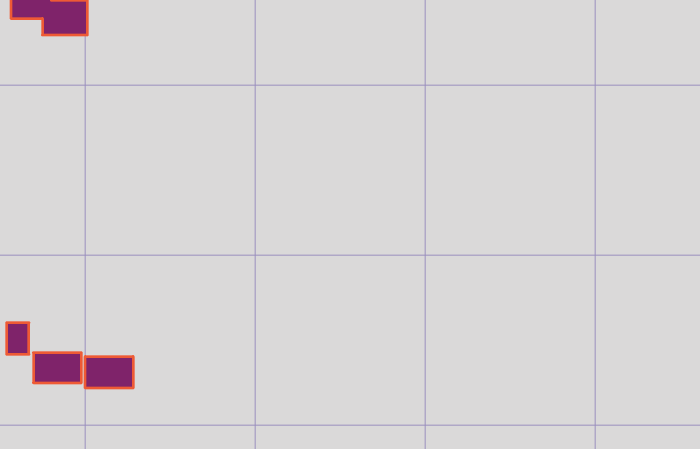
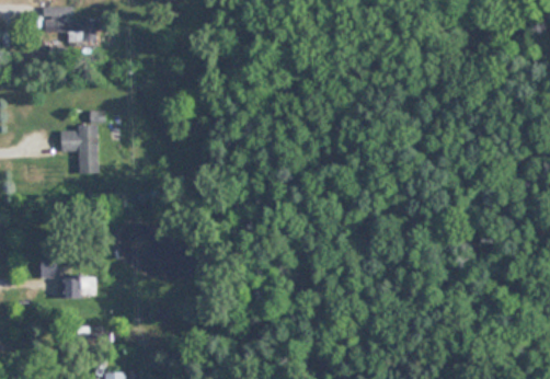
building: none -> [59,126,100,173]
building: [85,356,133,388] -> none

